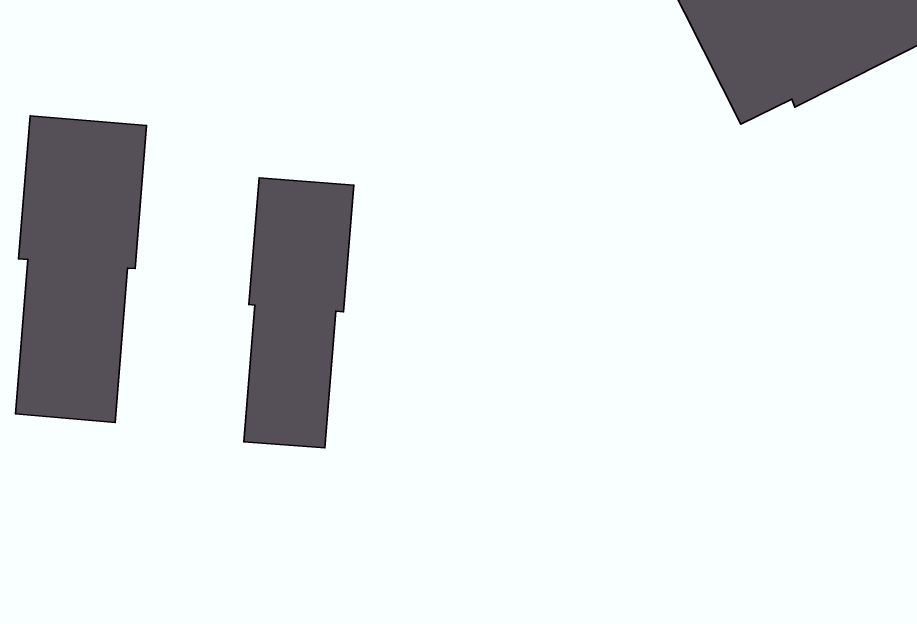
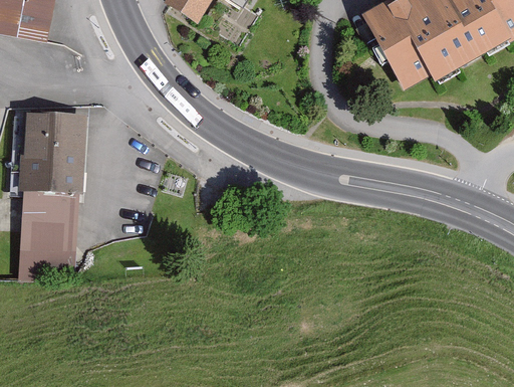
building: [244,178,354,448] -> none

